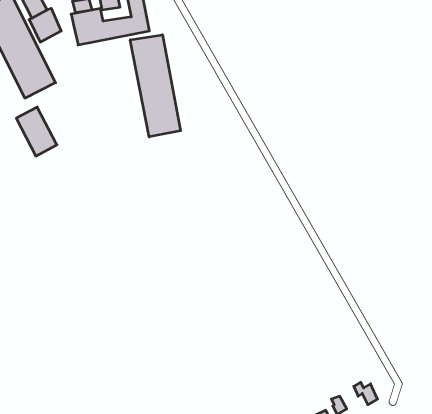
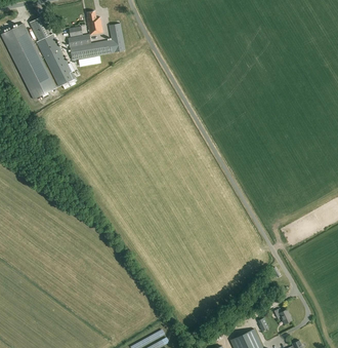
building: [130,35,181,137] -> none
building: [16,107,57,156] -> [44,49,74,85]

